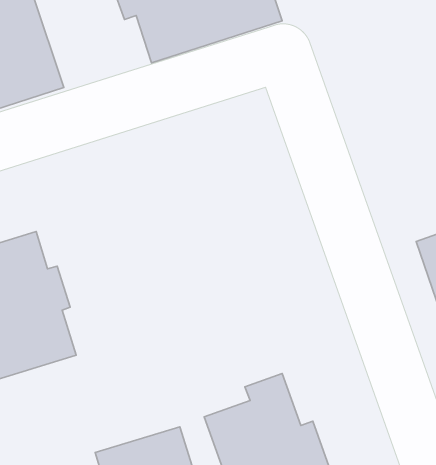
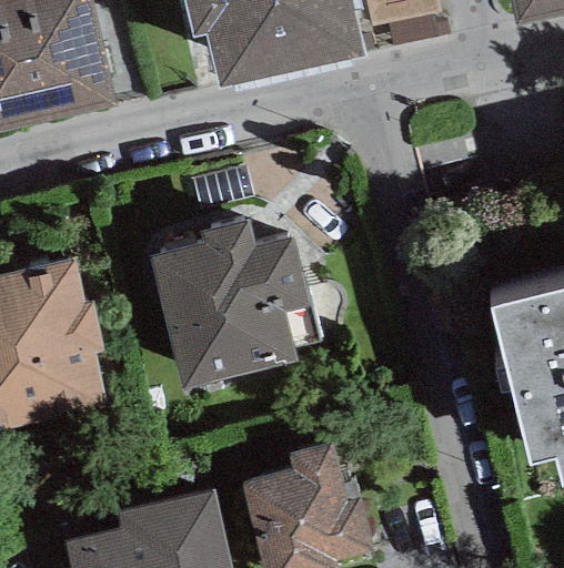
building: none -> [149,217,312,388]

